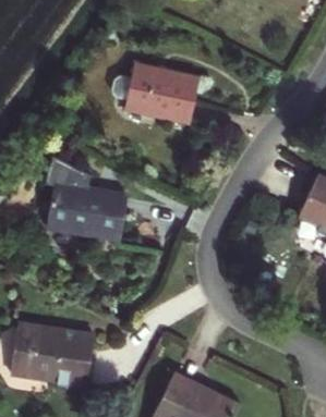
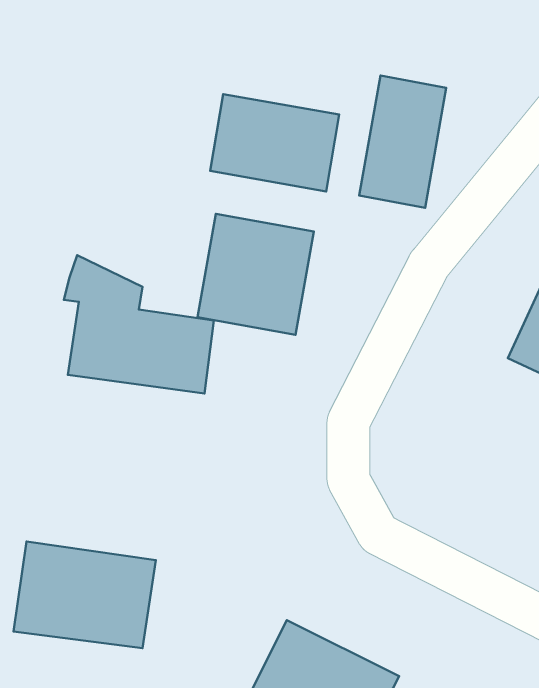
building: none -> [359,76,446,208]
building: none -> [198,214,314,335]

